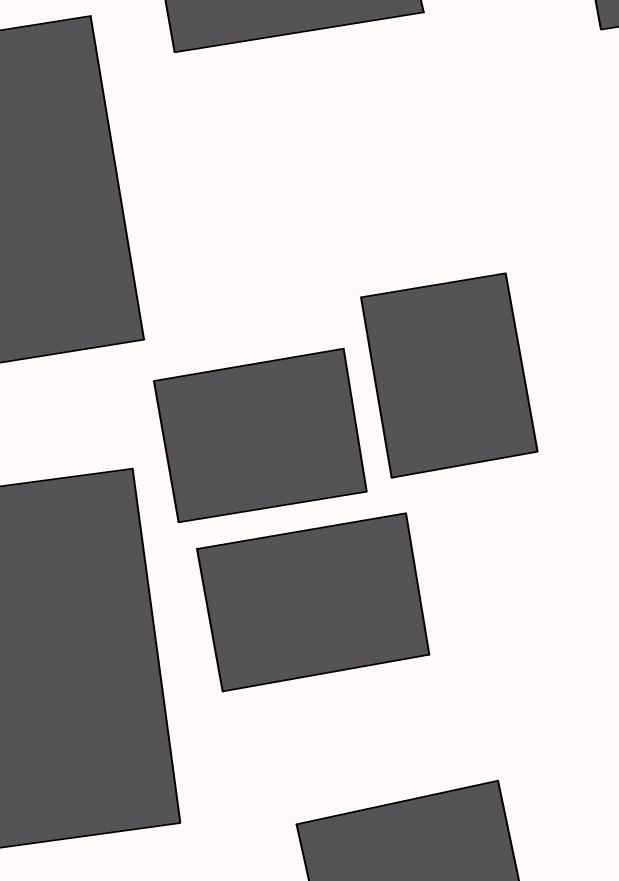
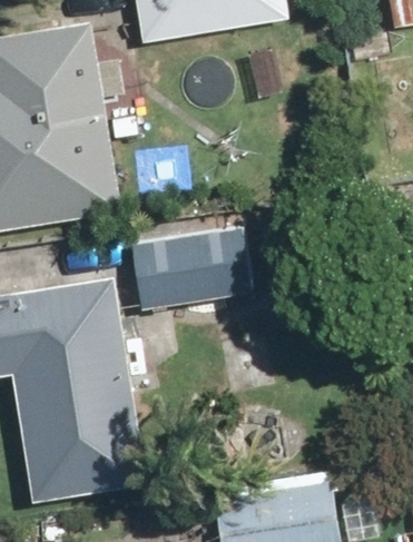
building: [361,273,537,478] -> none
building: [197,513,429,692] -> none

